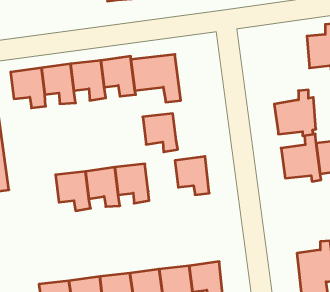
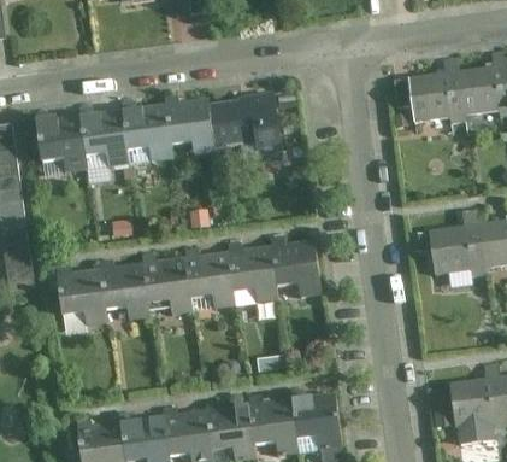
building: [274,90,316,136] -> [407,57,467,123]
building: [143,114,178,152] -> [230,247,281,303]
building: none -> [57,268,108,326]

